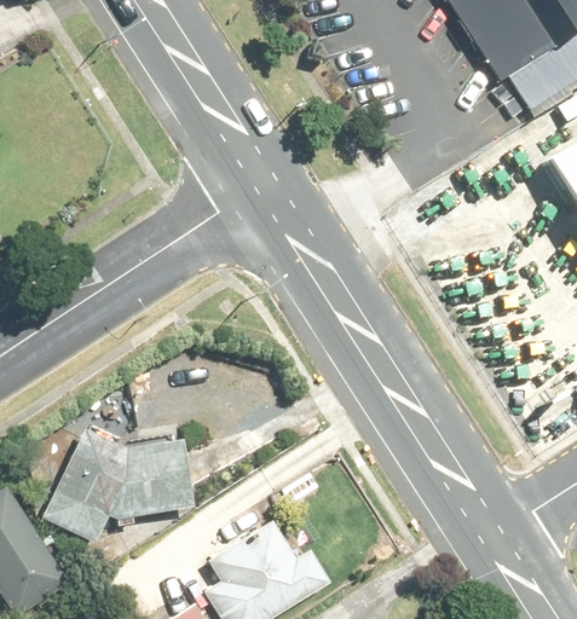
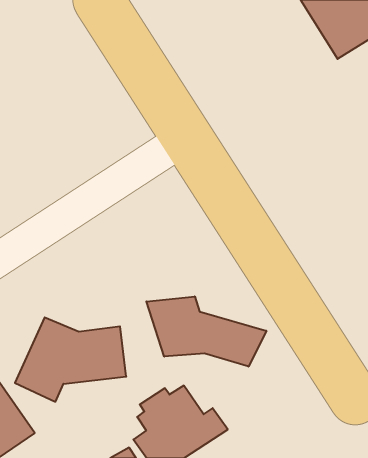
building: none -> [146,296,266,367]

